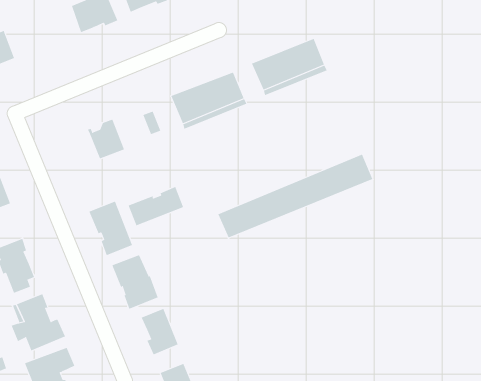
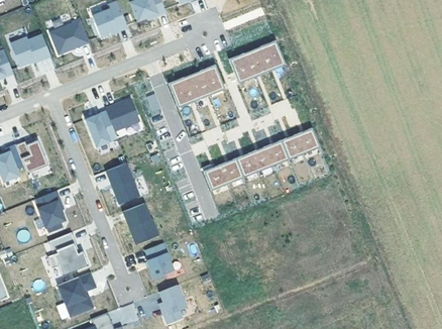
building: none -> [49,19,90,54]
building: none -> [85,111,117,147]
building: [128,186,184,226] -> none

